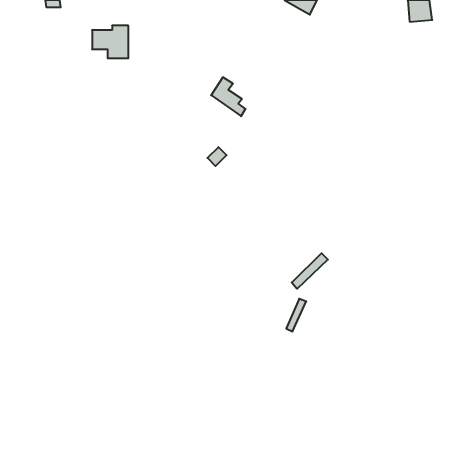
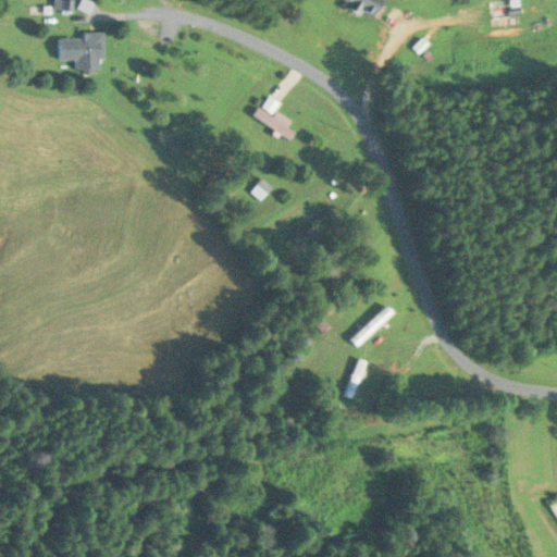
building: [92,26,128,58] -> [59,30,102,70]

